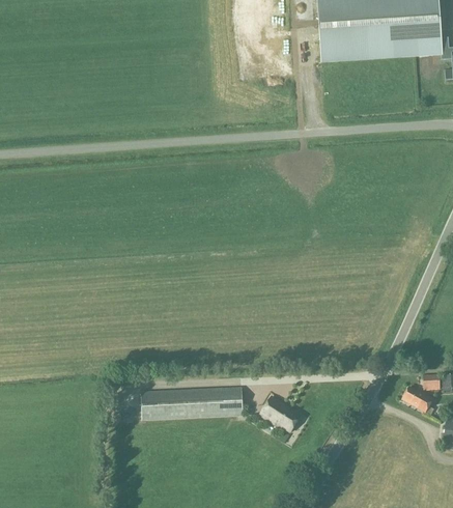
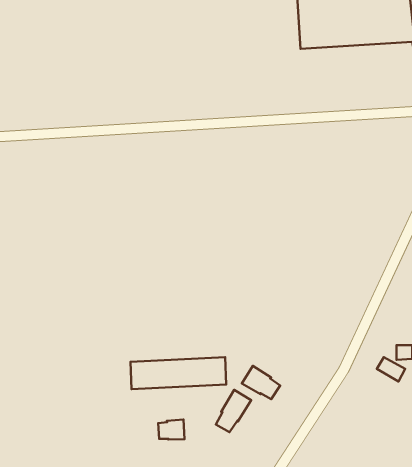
building: none -> [216,390,251,432]
building: none -> [158,420,185,440]

